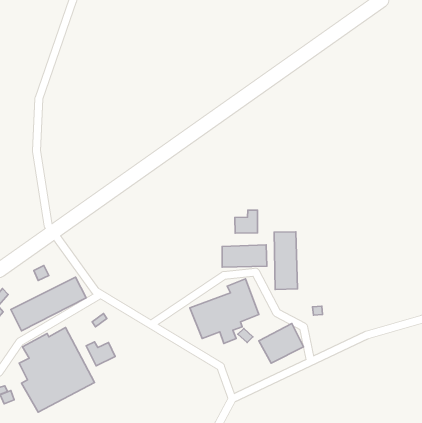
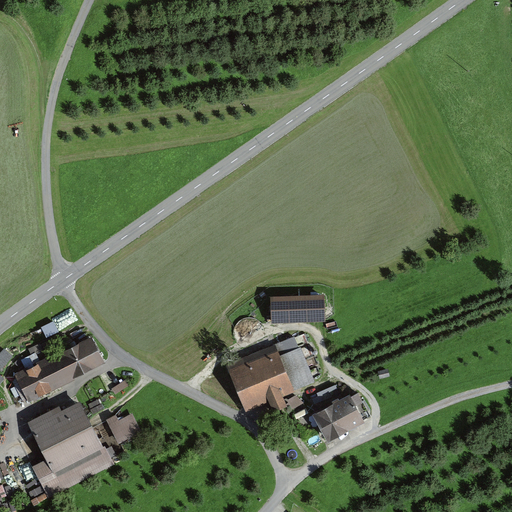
building: [235,210,258,233] -> none
building: [274,232,298,290] -> none

